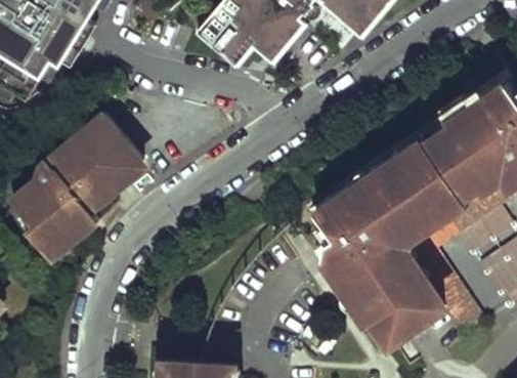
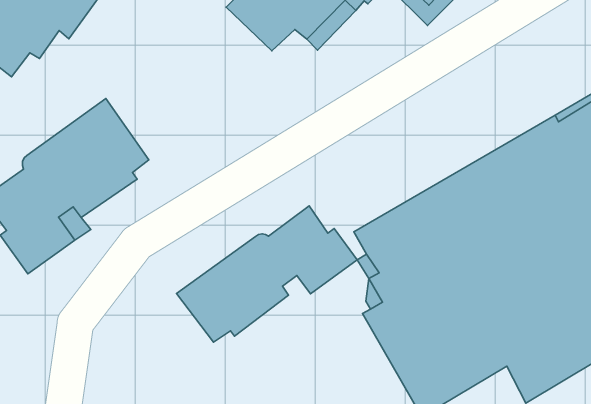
building: none -> [177,206,357,342]

